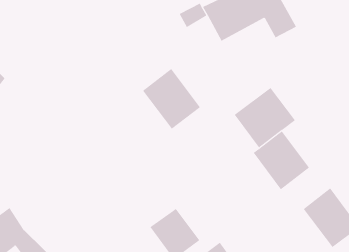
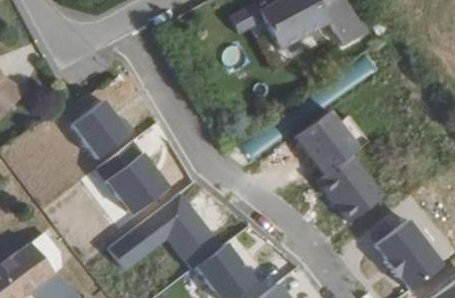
building: [142,68,201,130] -> [96,142,164,213]
building: none -> [71,100,128,157]
building: none -> [107,198,219,269]

